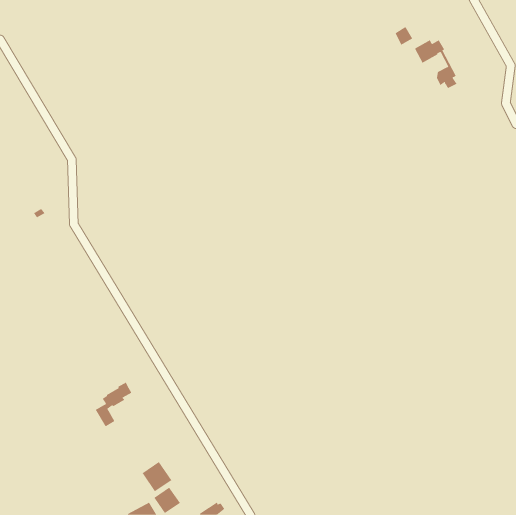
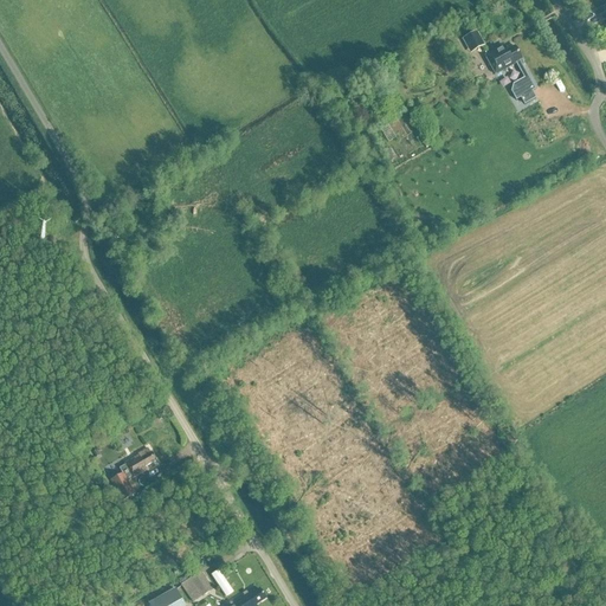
building: [142,461,172,492] -> none

